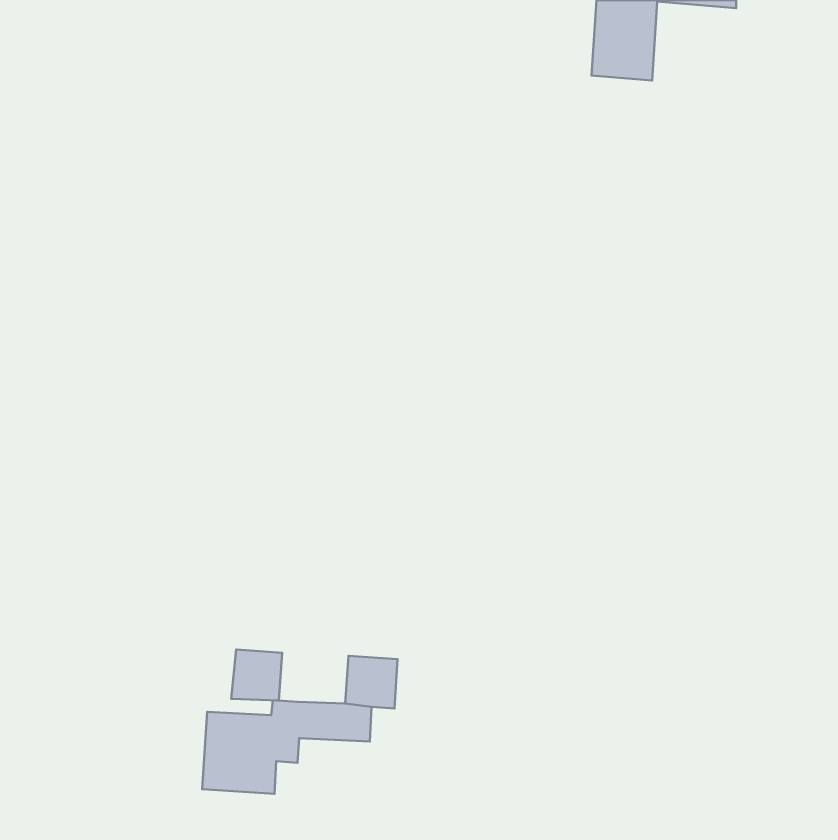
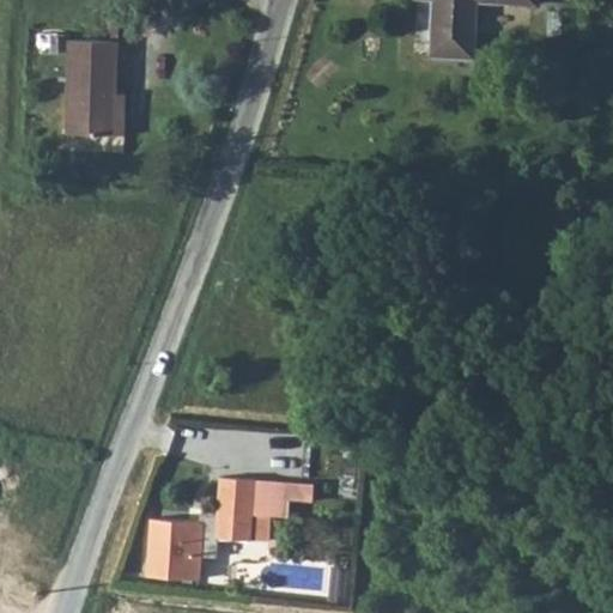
building: none -> [65,54,123,148]
building: [231,650,282,700] -> [217,475,254,512]

